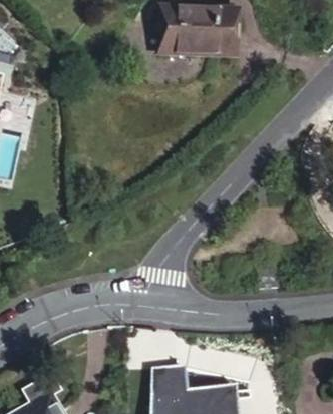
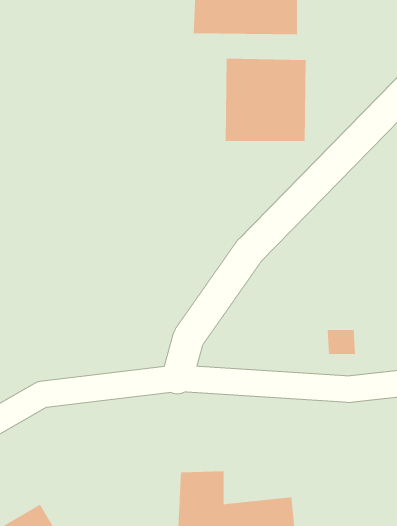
building: none -> [225,58,306,142]

